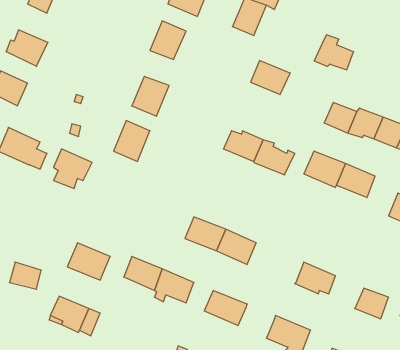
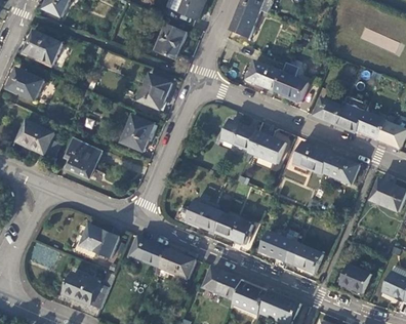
building: [314,35,354,70] -> [272,67,308,98]
building: none -> [260,231,293,260]
building: none -> [232,283,267,314]

